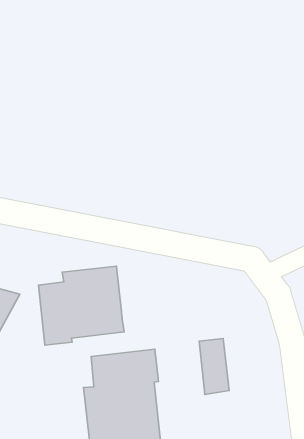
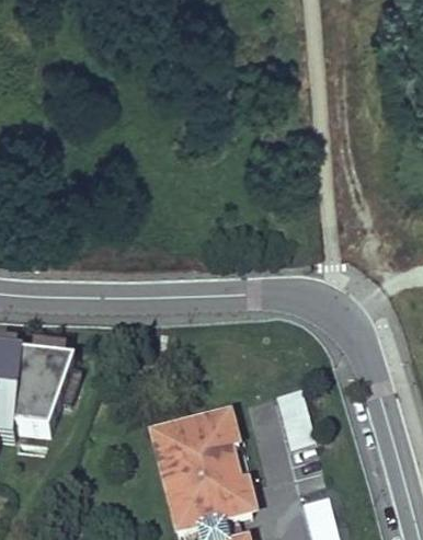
building: [38,266,124,345] -> none

